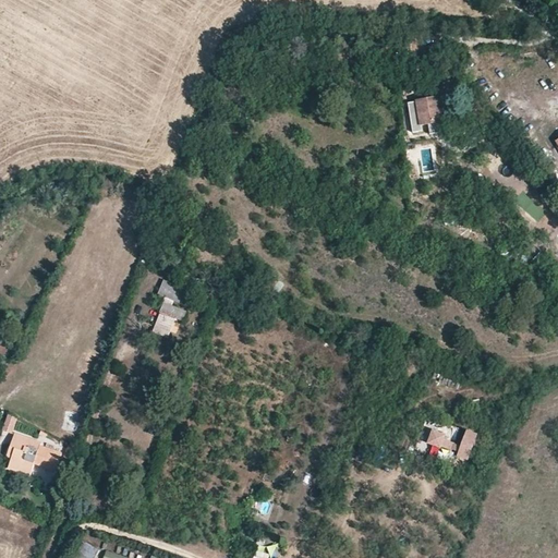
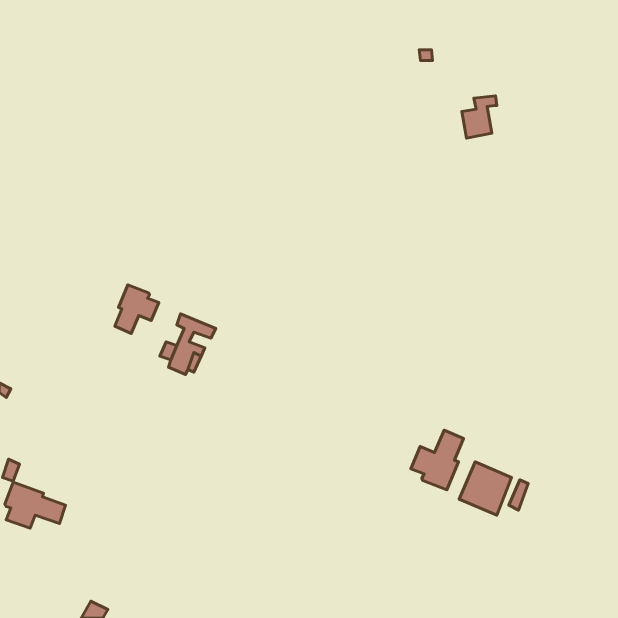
building: none -> [115,285,159,333]
building: none -> [411,430,463,490]

